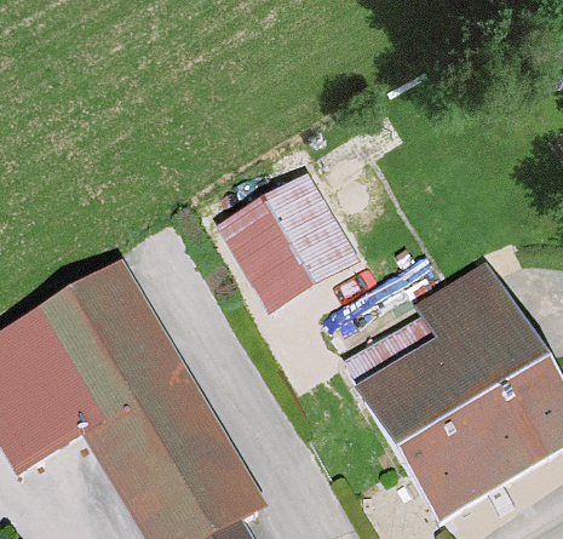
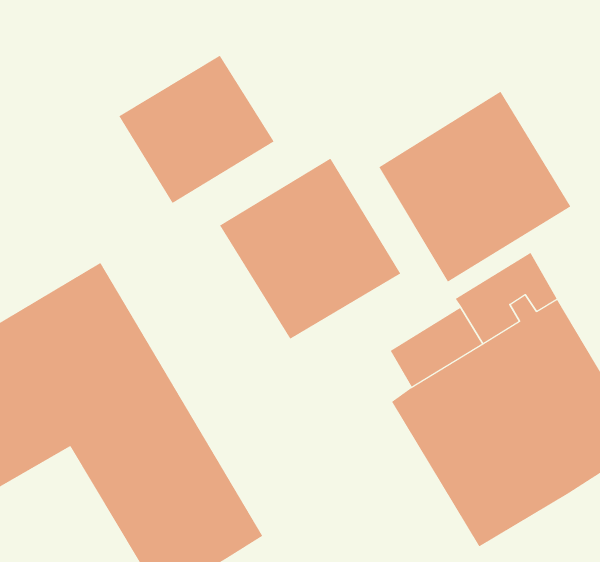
building: none -> [119,55,274,204]
building: none -> [378,91,571,282]

